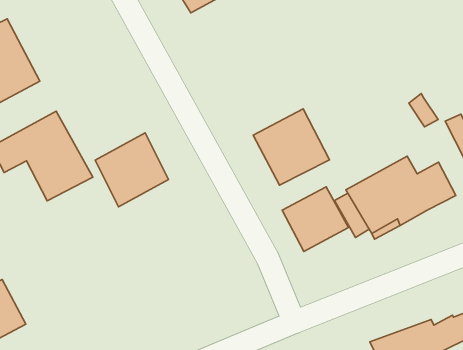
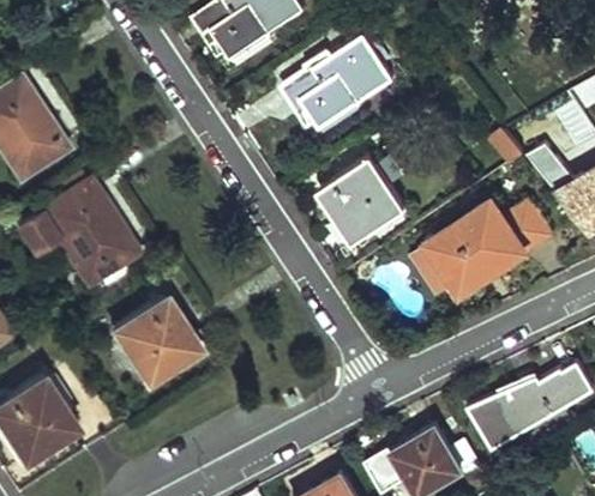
building: none -> [287,37,393,129]
building: [95,133,169,207] -> [114,296,199,382]
building: [282,187,348,252] -> none

